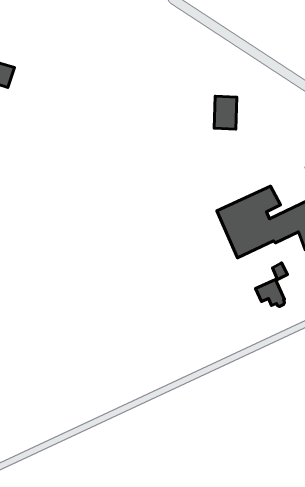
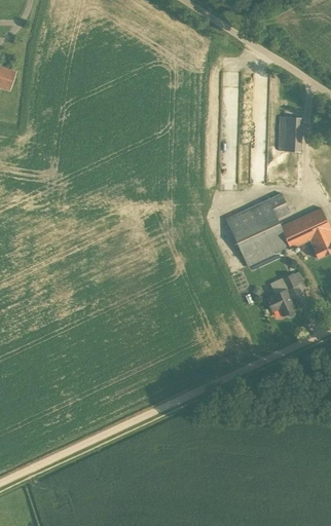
building: [214,96,237,129] -> [278,117,301,151]

